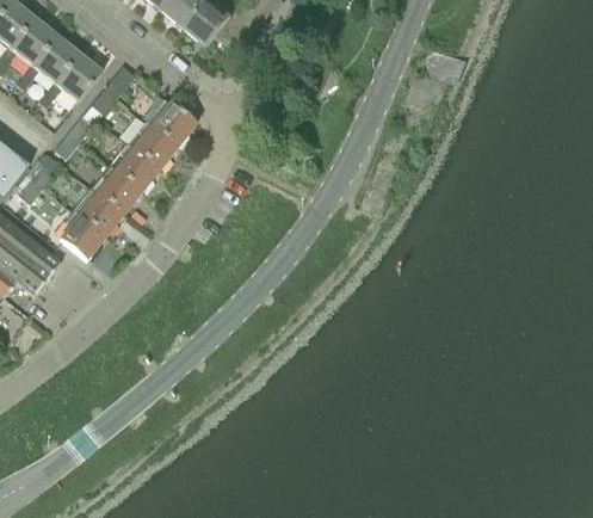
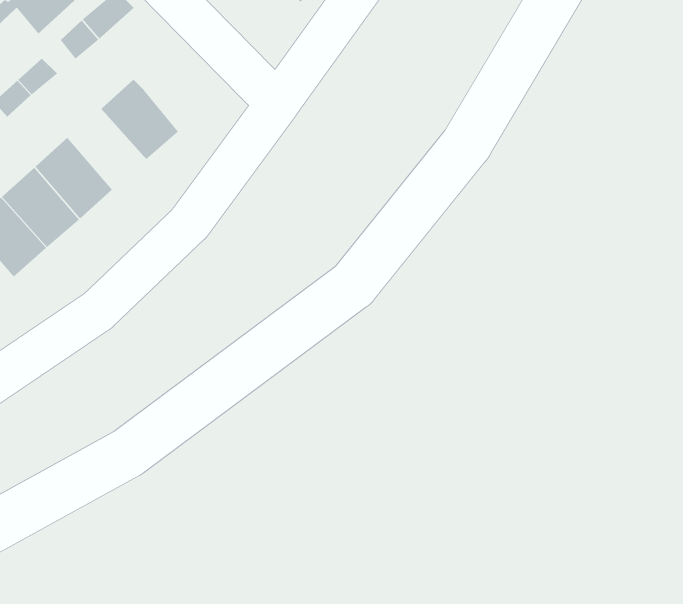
building: [150,97,196,148] -> none
building: [106,142,159,192] -> none

